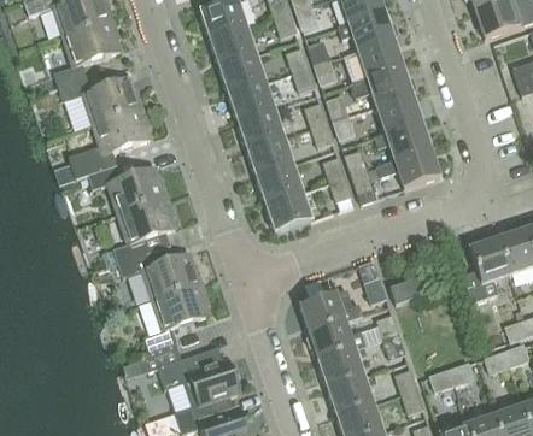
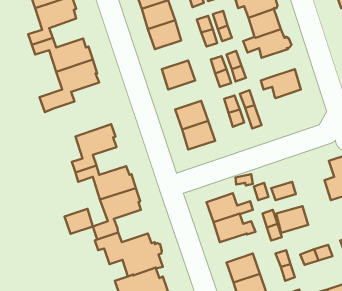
building: [228,81,274,120] -> none
building: [375,93,421,132] -> none
building: [246,136,292,176] -> none
building: [377,148,439,188] -> none
building: [88,165,168,213] -> none
building: none -> [276,206,308,233]
building: none -> [65,209,93,234]
building: [317,347,363,387] -> none

